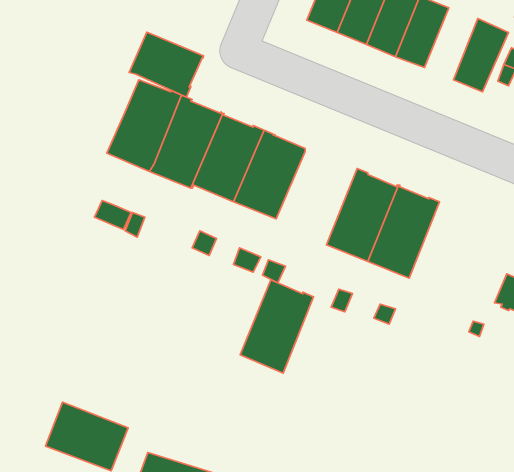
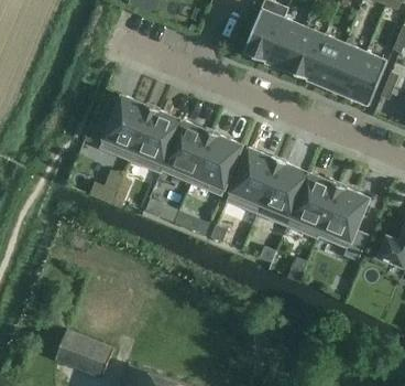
building: none -> [328,44,366,96]
building: [129,32,203,97] -> none
building: none -> [317,184,370,261]
building: [240,280,314,373] -> [227,148,280,215]

